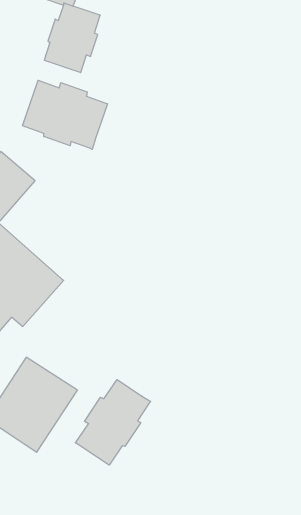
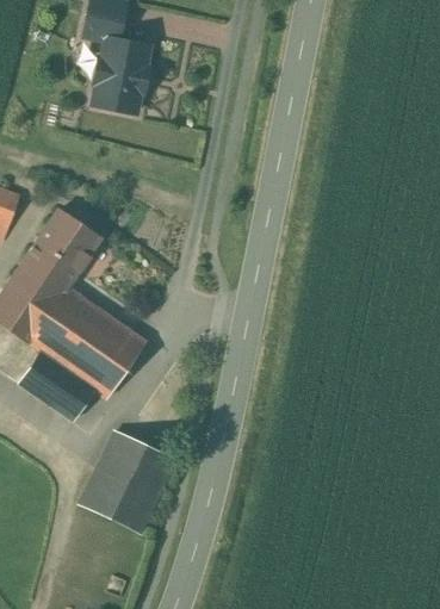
building: [23,80,108,149] -> none
building: [75,380,151,465] -> none

